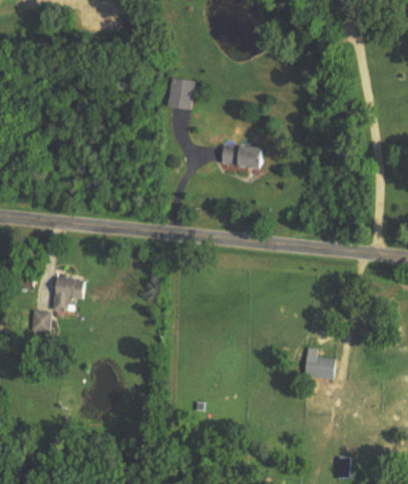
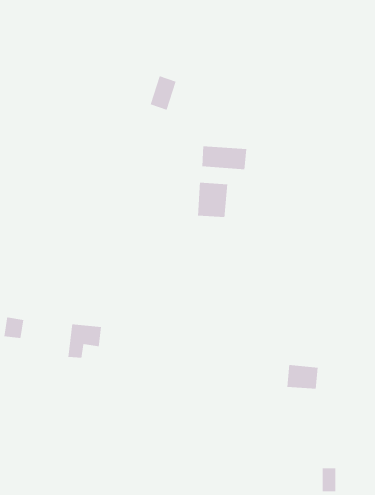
building: none -> [198,182,228,218]
building: [52,277,85,310] -> [68,324,102,358]

